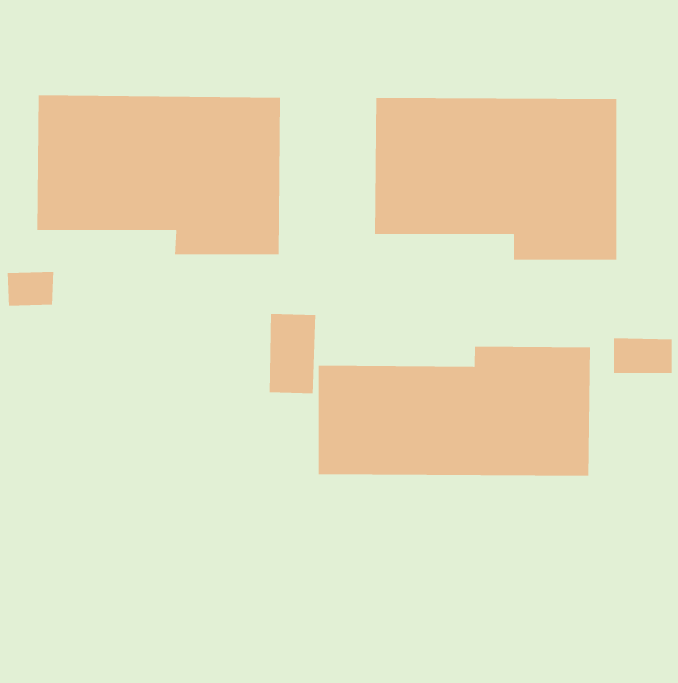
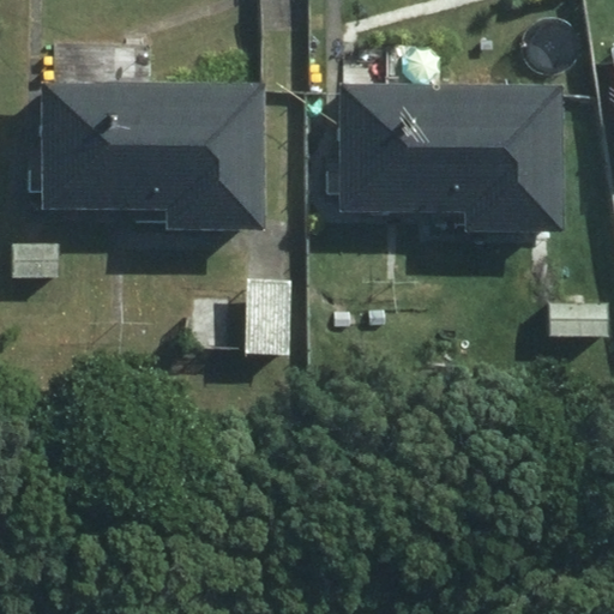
building: [318,346,591,476] -> none

